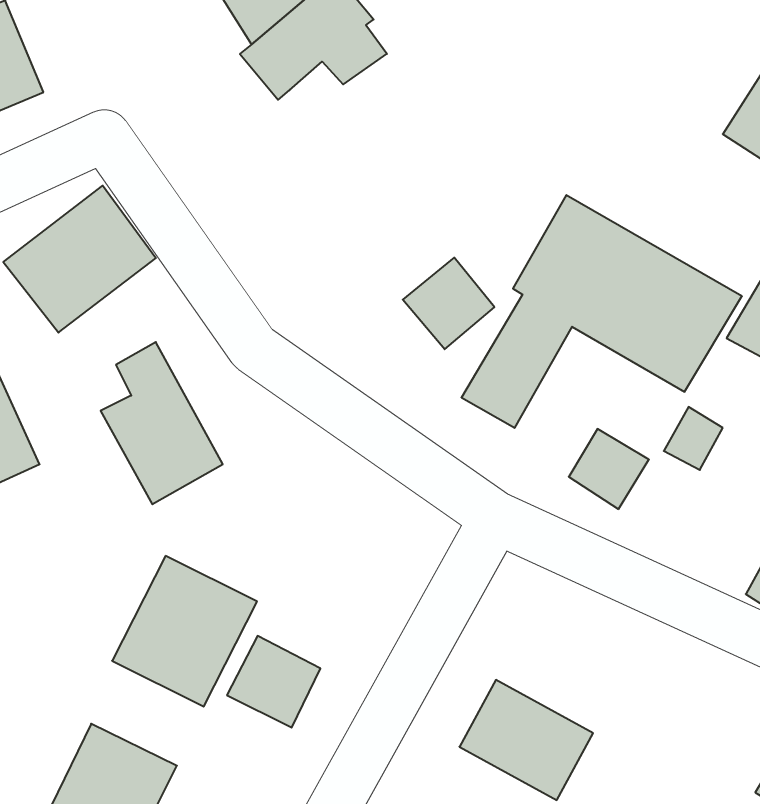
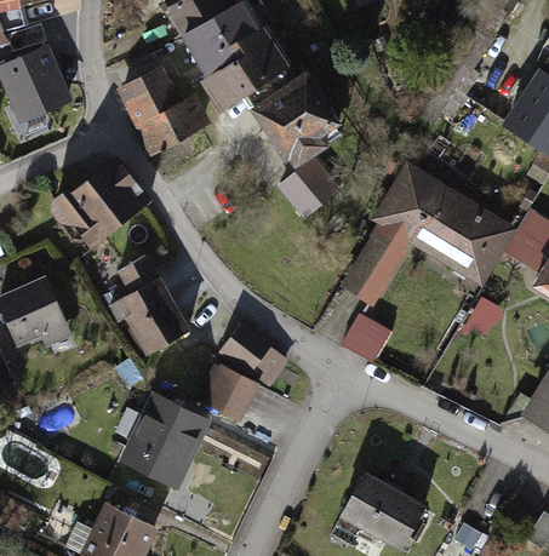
building: none -> [120,63,200,145]
building: none -> [250,67,333,154]
building: [403,258,494,349] -> [276,151,334,210]
building: [569,429,649,509] -> [344,314,395,365]
building: none -> [223,321,290,385]
building: [227,636,320,728] -> [200,366,259,424]

